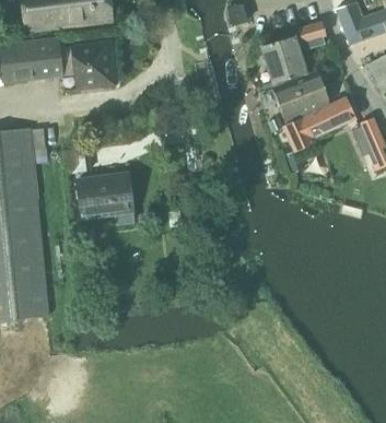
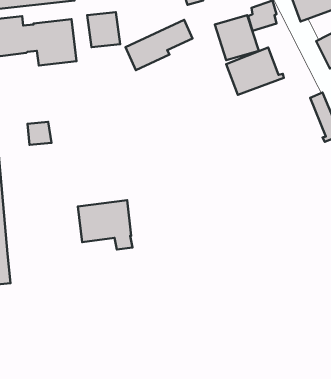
building: none -> [87,12,120,47]
building: [283,97,353,150] -> [125,20,192,70]
building: [77,173,133,224] -> [78,200,132,249]

